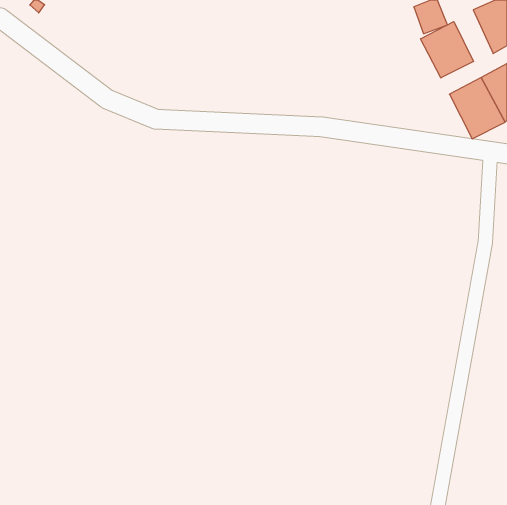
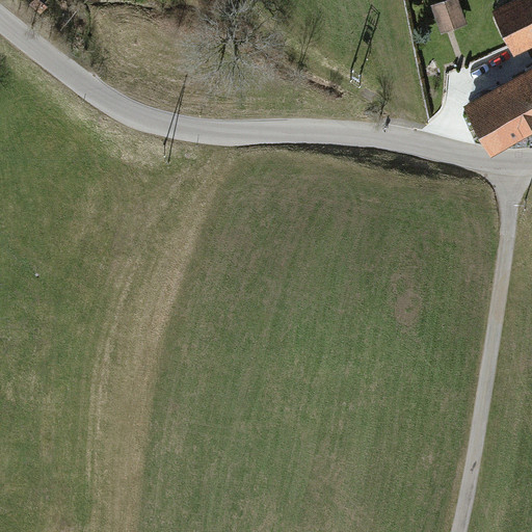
building: [421,22,473,78] -> none

